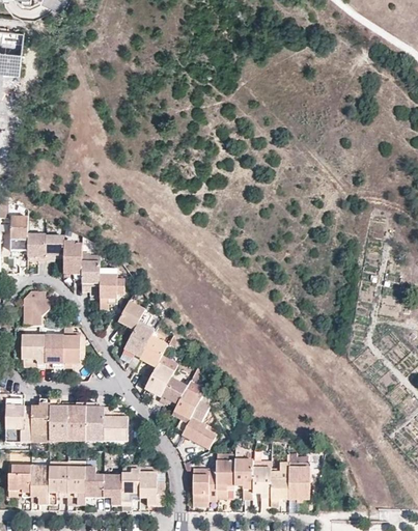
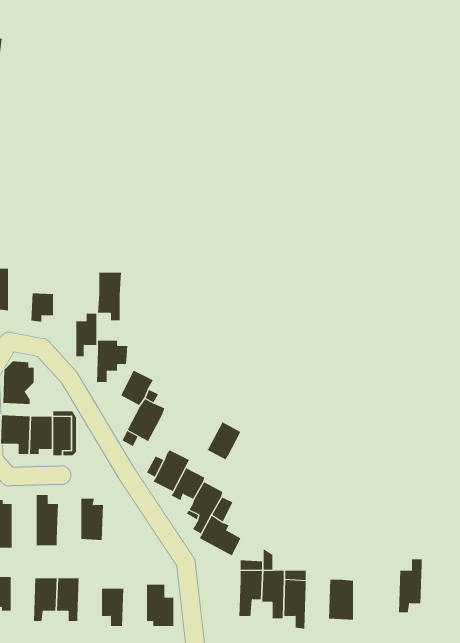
building: [27,234,46,260] -> none
building: [62,241,82,280] -> [97,272,122,321]
building: [139,335,167,366] -> [207,422,241,460]
building: [66,402,85,436] -> none
building: [30,404,49,435] -> none
building: [103,408,126,441] -> none
building: [267,464,286,507] -> [398,559,423,613]
building: [29,466,48,502] -> none
building: [83,467,102,498] -> none
building: [119,469,138,506] -> none
building: [190,469,214,502] -> none

